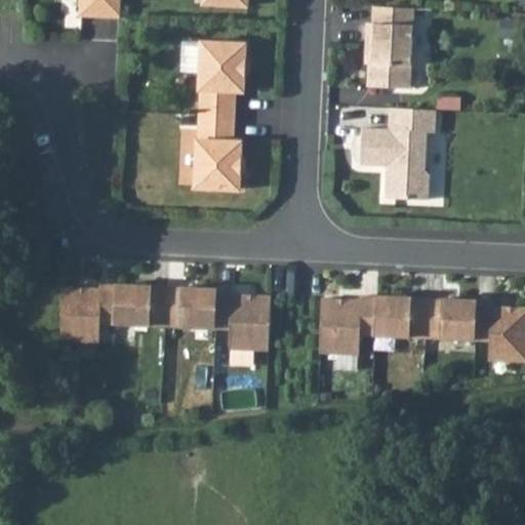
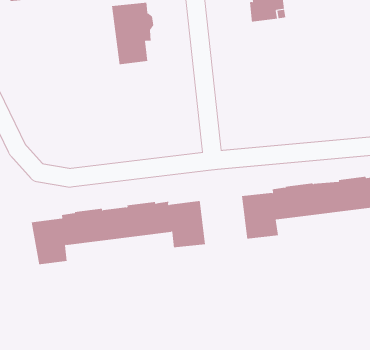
building: [359,108,435,199] -> none
building: [195,117,245,192] -> none

